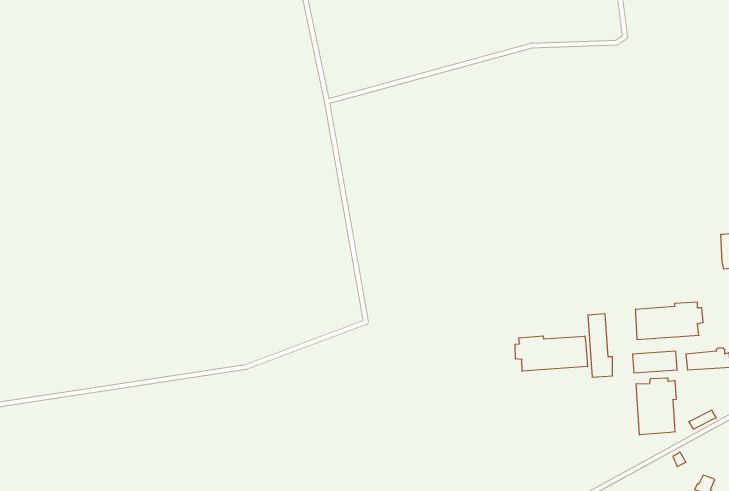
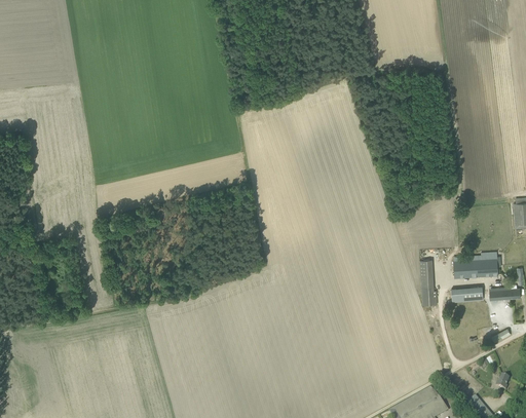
building: [515,336,588,371] -> none
building: [636,378,676,435] -> none

